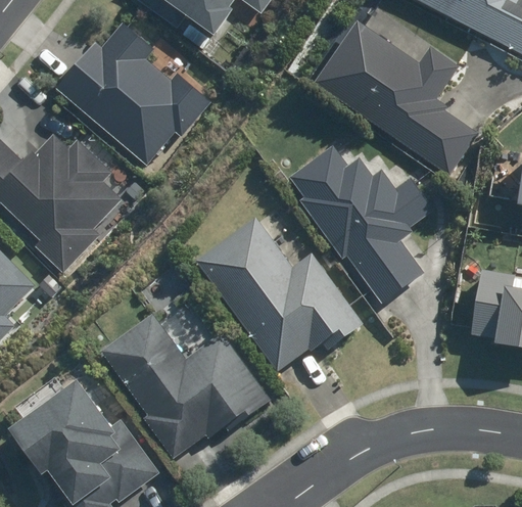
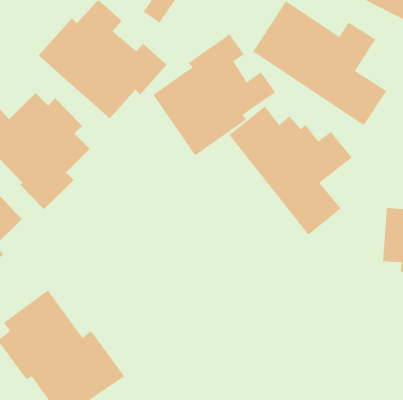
building: none -> [152,34,276,156]
building: [197,217,362,373] -> none
building: [99,306,273,460] -> none

